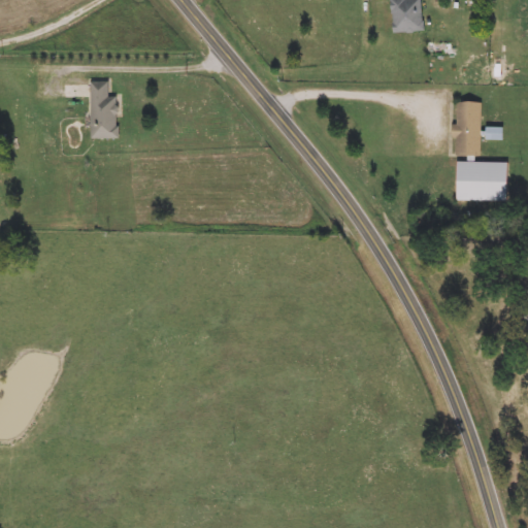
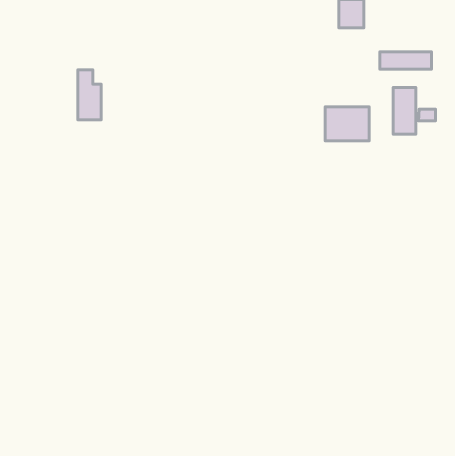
building: none -> [380,52,432,69]
building: [456,161,506,200] -> [325,107,369,141]

